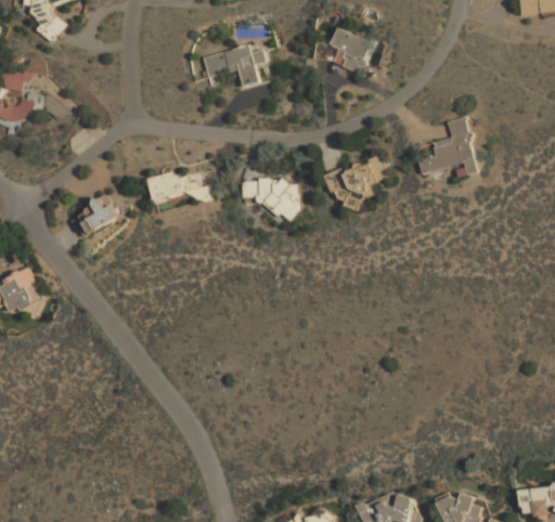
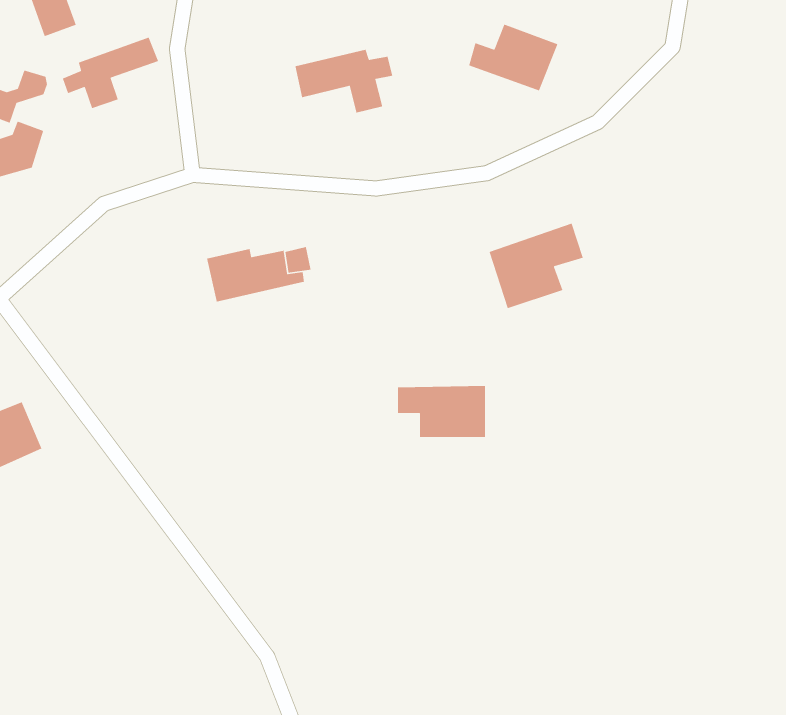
building: none -> [62,37,159,109]
building: [417,117,477,174] -> none
building: [242,180,298,213] -> [397,385,486,438]
building: [72,195,116,234] -> none

